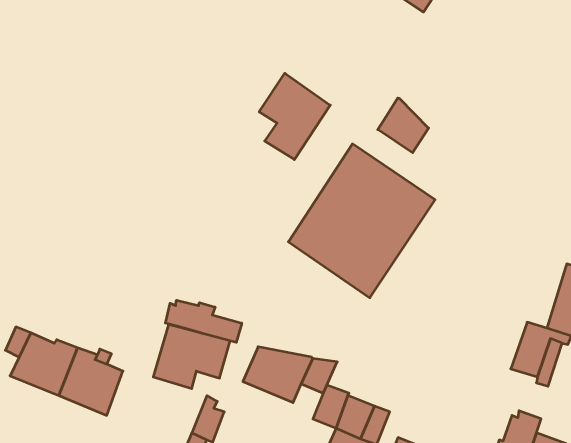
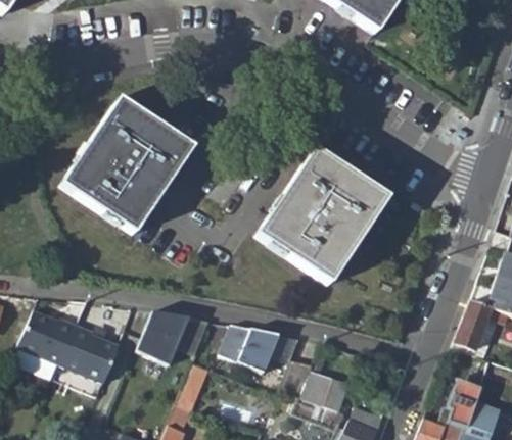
building: [259,73,330,160] -> none
building: none -> [62,98,193,234]
building: [378,98,429,153] -> none
building: [165,300,242,342] -> none

